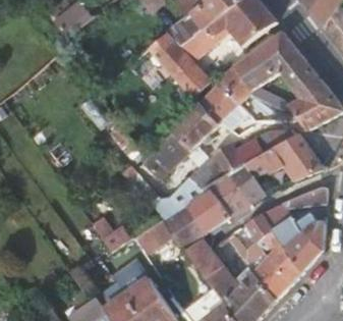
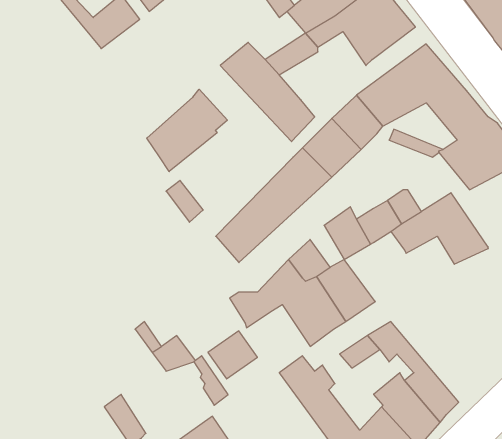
building: none -> [147,89,227,172]
building: [227,157,267,203] -> none
building: [258,183,325,269] -> none
building: [163,205,205,247] -> none

